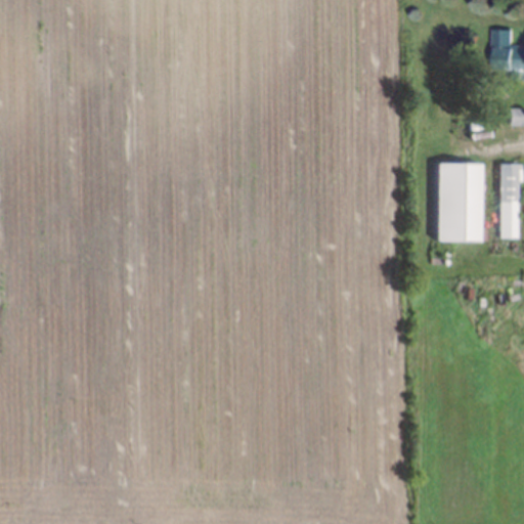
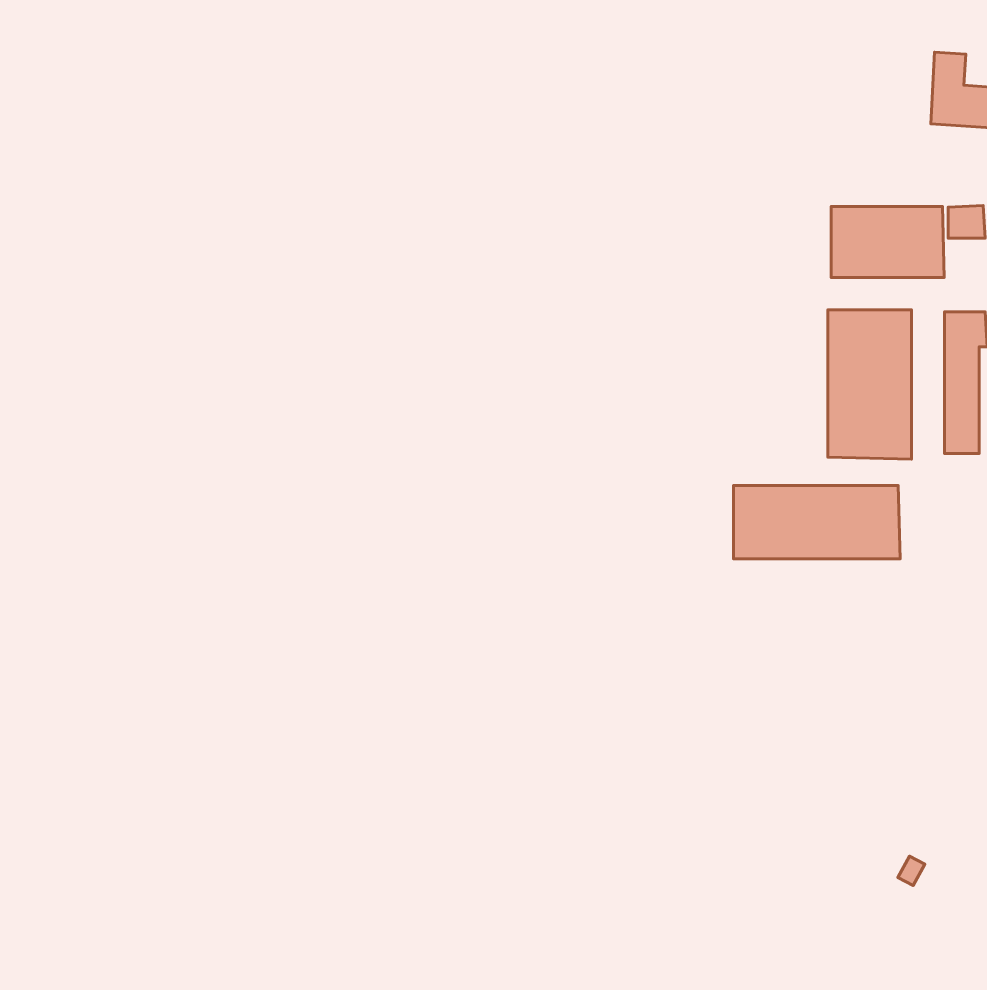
building: none -> [831,207,944,277]
building: none -> [733,485,900,559]

